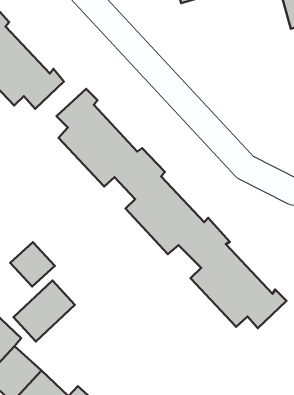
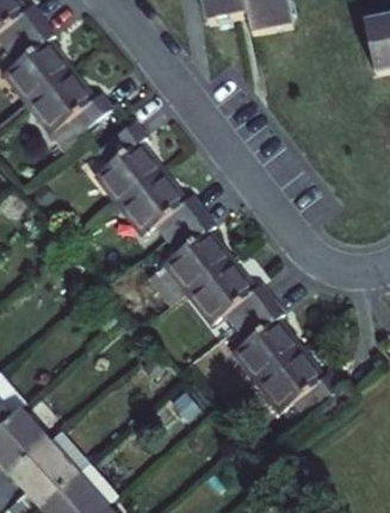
building: [10,242,55,287] -> none
building: [14,280,75,341] -> none

